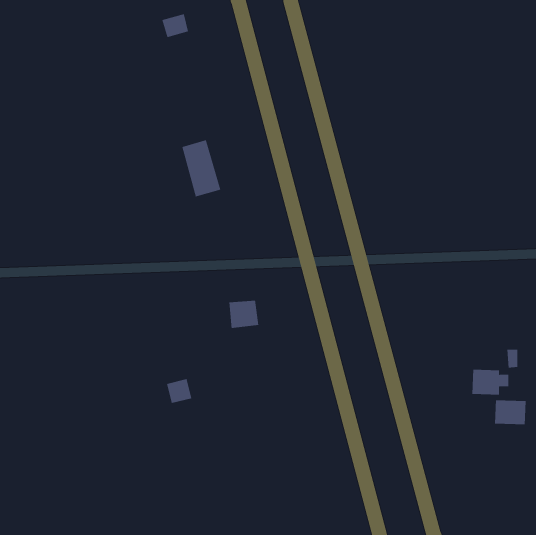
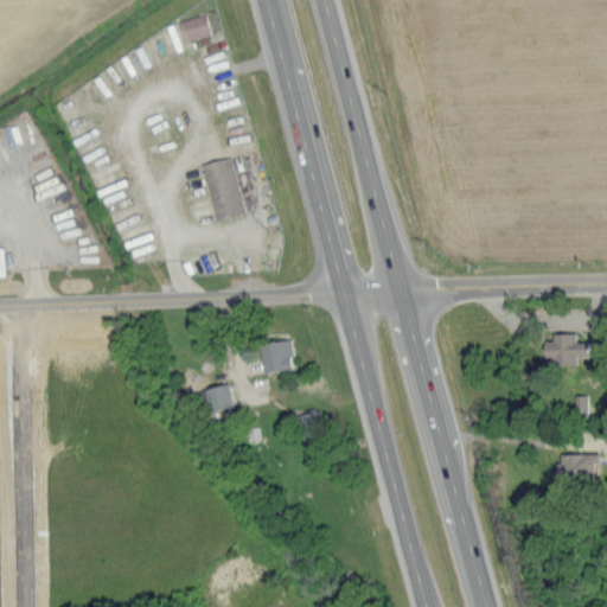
building: [471,369,509,395] -> [543,336,586,365]
building: [166,378,192,404] -> [203,384,232,413]

